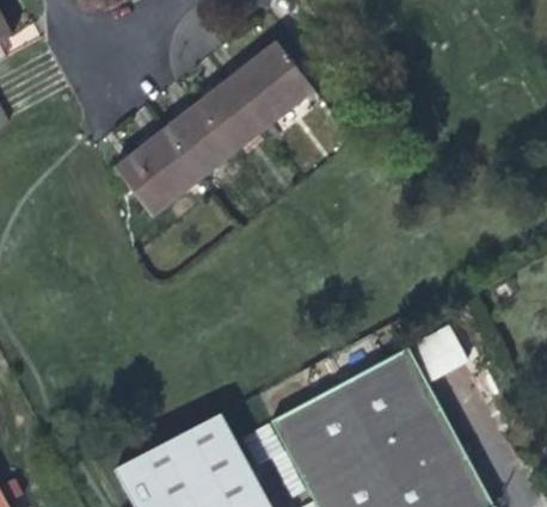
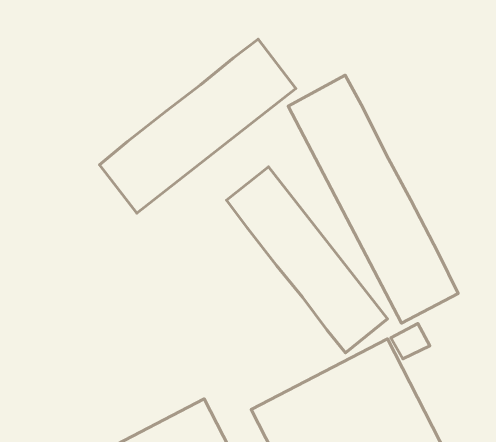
building: none -> [288,75,458,323]
building: none -> [226,167,388,353]

